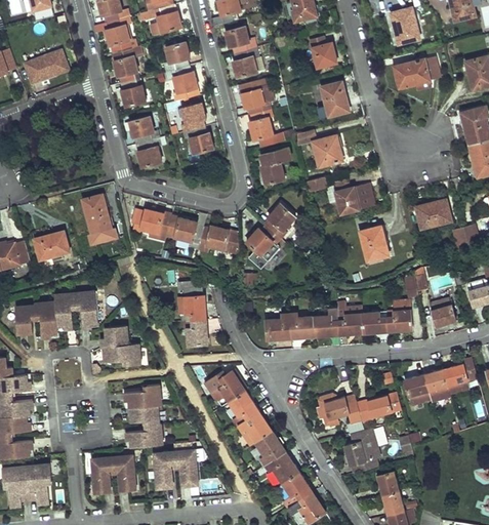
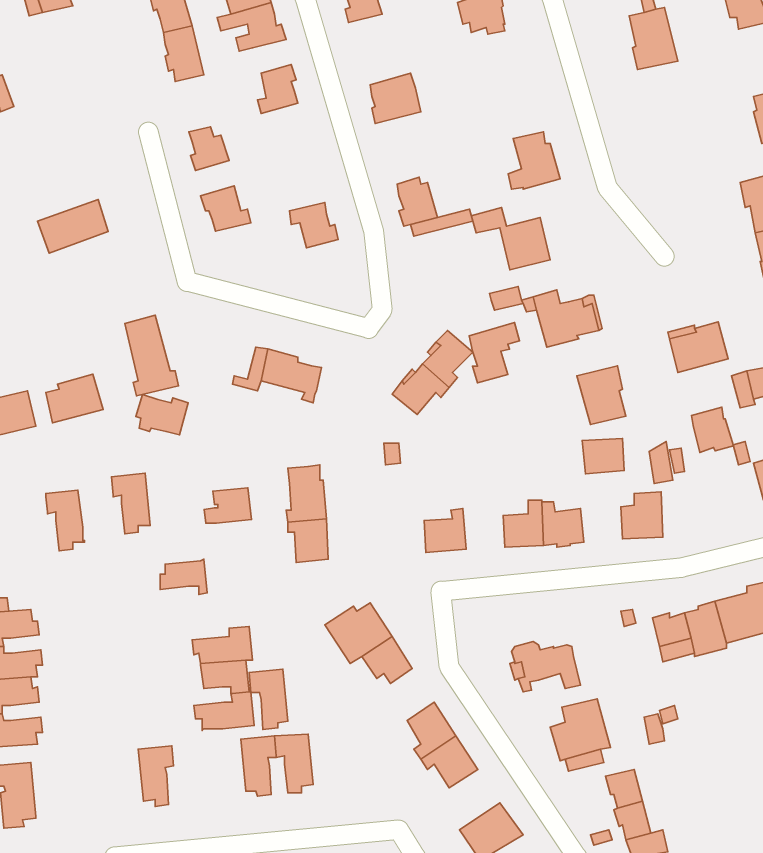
building: [223,27,257,54] -> none
building: [310,37,334,68] -> none
building: [114,46,142,83] -> none
building: [25,50,68,83] -> [38,199,108,253]
building: [397,56,440,87] -> none
building: [166,66,198,92] -> none
building: [241,84,274,115] -> none
building: [181,103,205,131] -> none
building: [138,138,162,167] -> none
building: [260,148,291,185] -> [469,322,519,383]
building: [131,209,163,234] -> [136,394,188,435]
building: [200,227,240,253] -> none
building: [54,293,76,324] -> none
building: [430,297,455,325] -> [692,407,734,452]
building: [15,306,36,334] -> none
building: [361,312,386,333] -> [582,439,624,474]
building: [289,313,315,337] -> none
building: [100,325,129,347] -> [204,488,251,523]
building: [357,393,402,422] -> none
building: [236,410,272,446] -> none
building: [112,455,135,492] -> [249,669,288,730]
building: [26,465,50,506] -> none
building: [281,472,312,509] -> none

